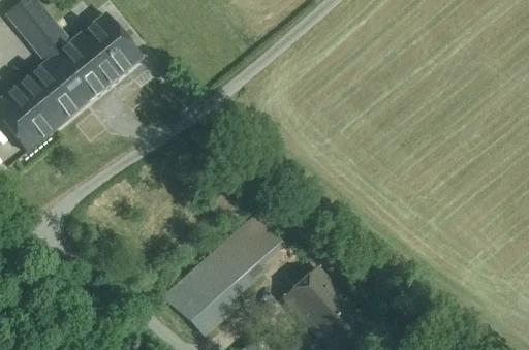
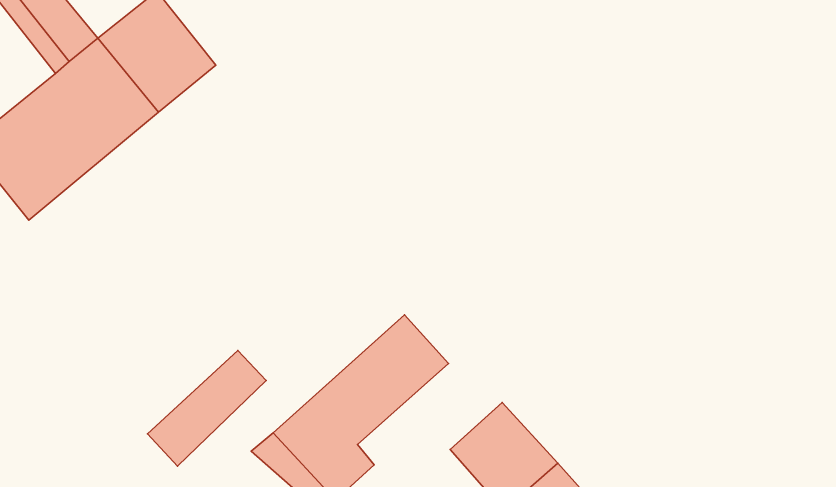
building: none -> [148,350,266,466]

